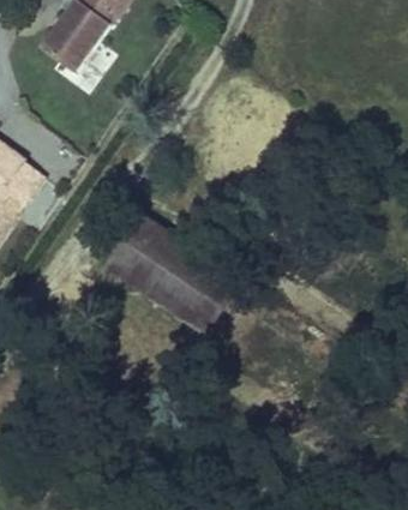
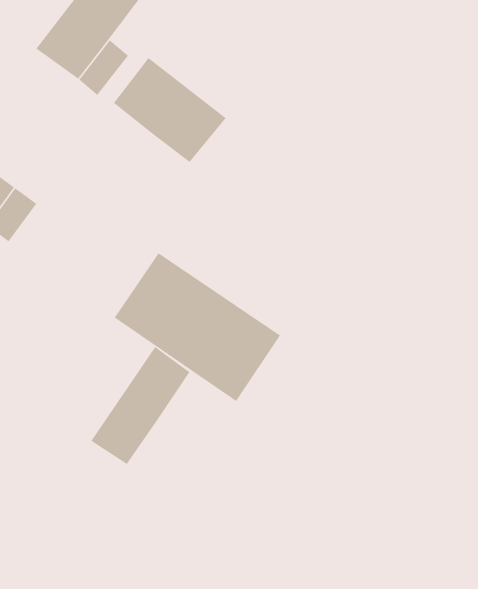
building: none -> [113,57,227,163]
building: none -> [91,346,190,465]

